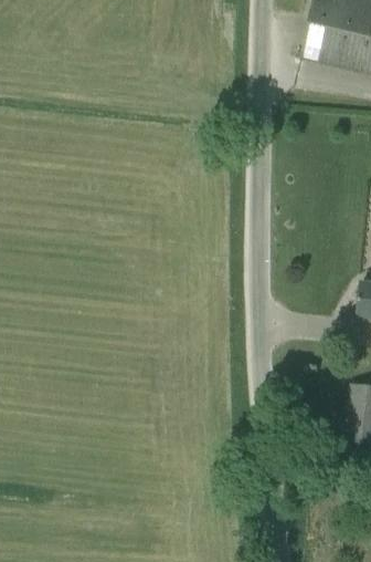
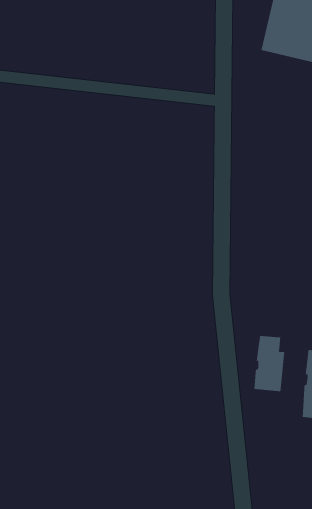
building: none -> [254,335,285,392]

